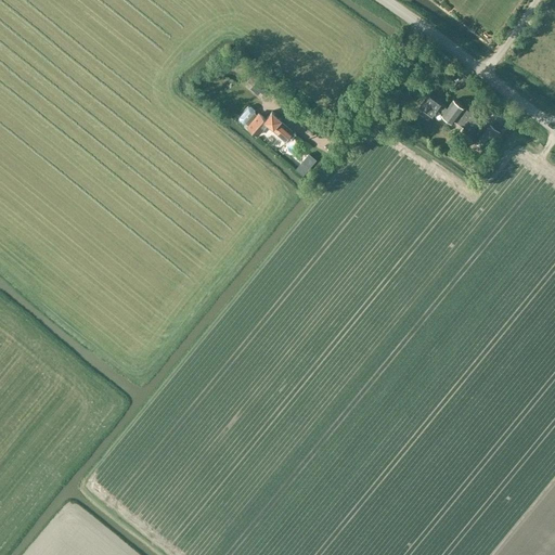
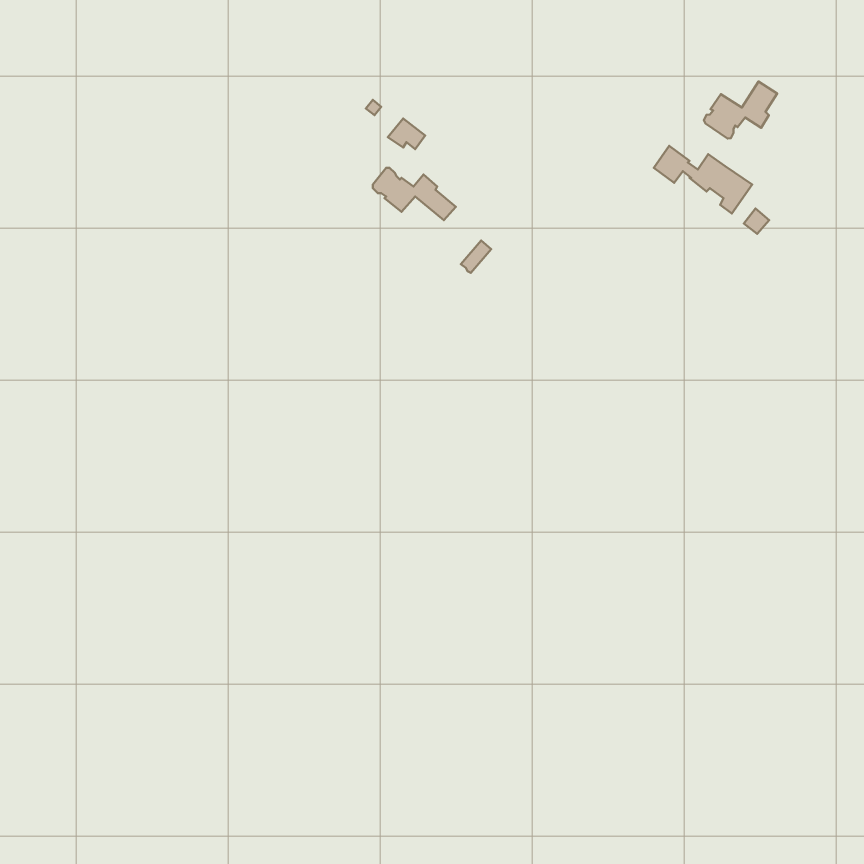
building: none -> [704,81,777,138]

